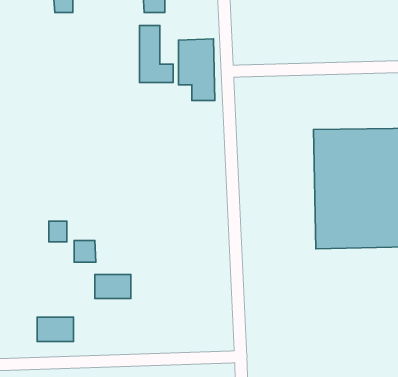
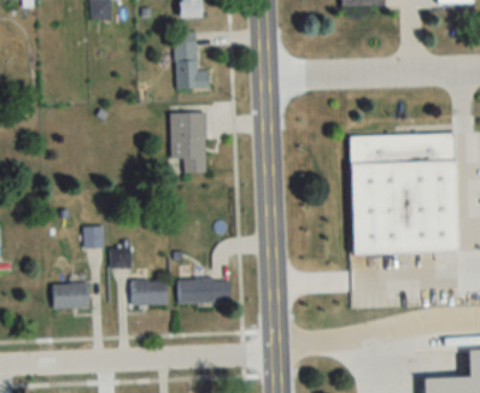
building: [179,39,215,100] -> [170,111,206,172]
building: none -> [177,277,227,301]
building: [37,317,73,341] -> [52,282,88,306]

